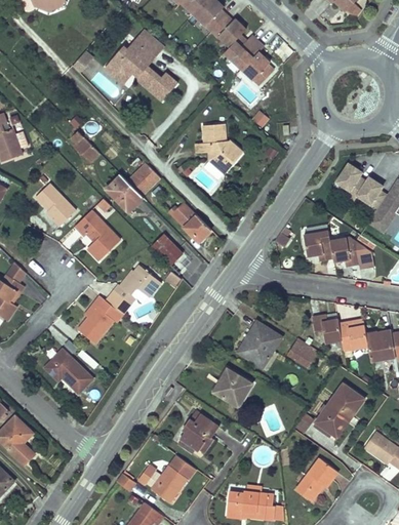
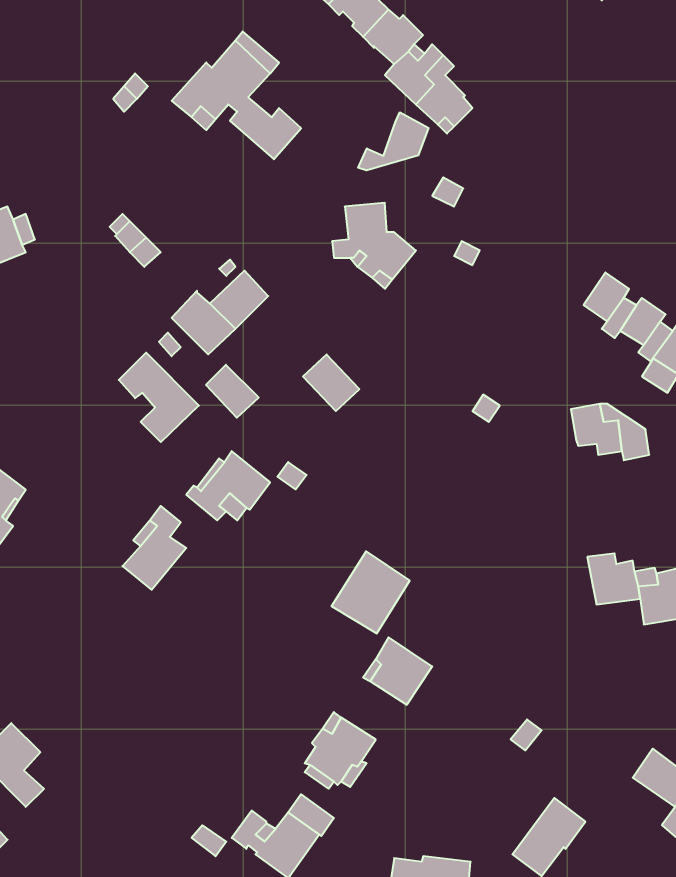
building: none -> [358,112,429,170]
building: [35,183,75,225] -> none
building: [303,231,332,260] -> none
building: [152,234,182,264] -> [206,365,259,418]
building: [313,315,342,342] -> none
building: [237,320,281,366] -> [331,551,410,633]
building: [287,337,319,367] -> none
building: [44,349,91,392] -> none
building: [314,383,364,439] -> none

